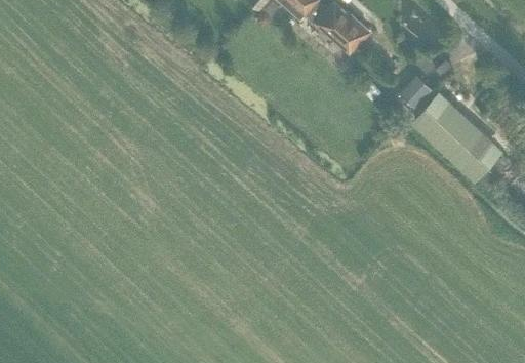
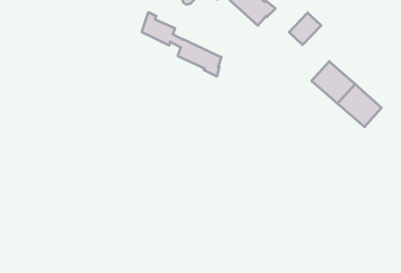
building: none -> [142,12,221,76]
building: [393,76,432,115] -> [289,13,321,45]

